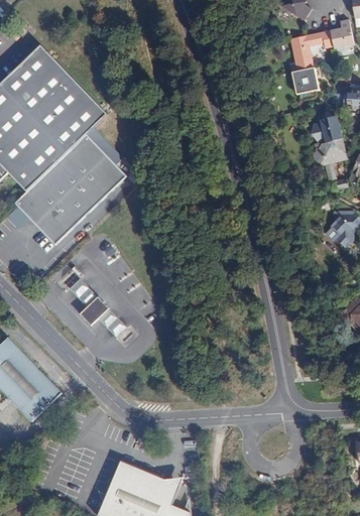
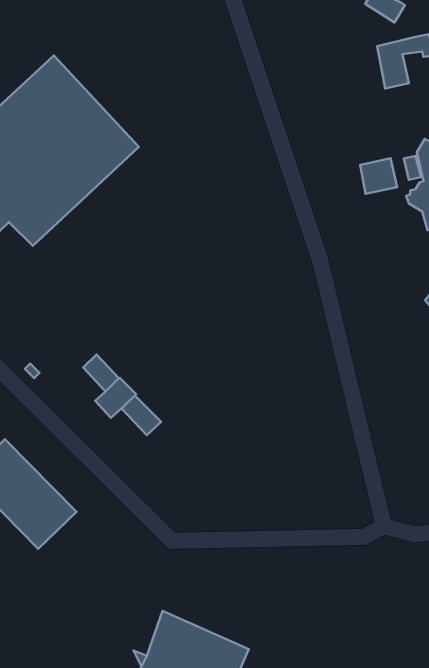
building: [290,67,319,94] -> [360,158,397,194]
building: [15,134,127,245] -> none

